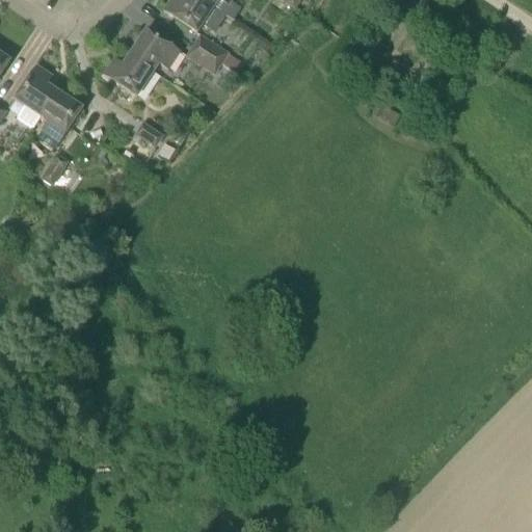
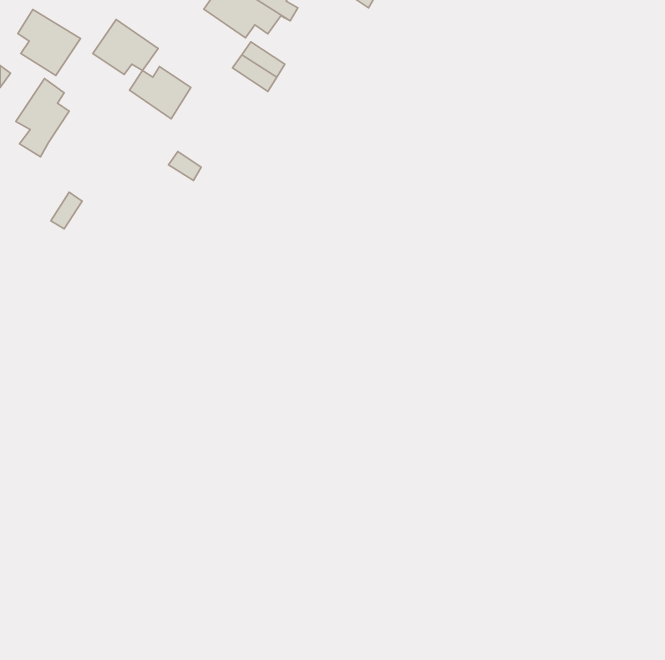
building: none -> [18,9,81,75]
building: [129,26,181,70] -> [93,20,158,74]
building: [41,88,83,139] -> none

